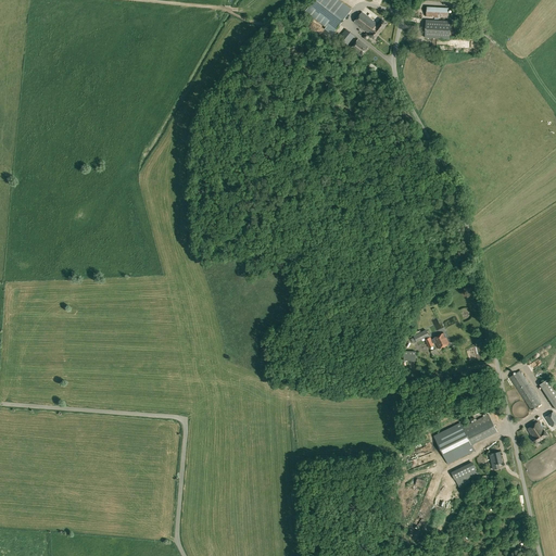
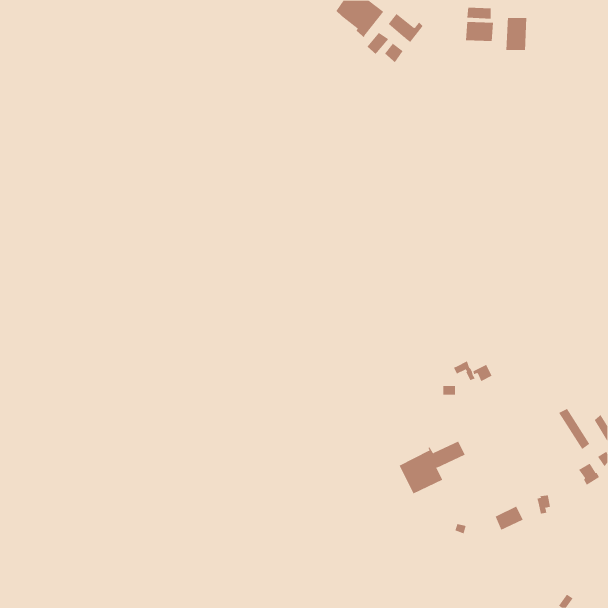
building: none -> [506,17,527,51]
building: [434,415,495,464] -> [399,441,466,494]

